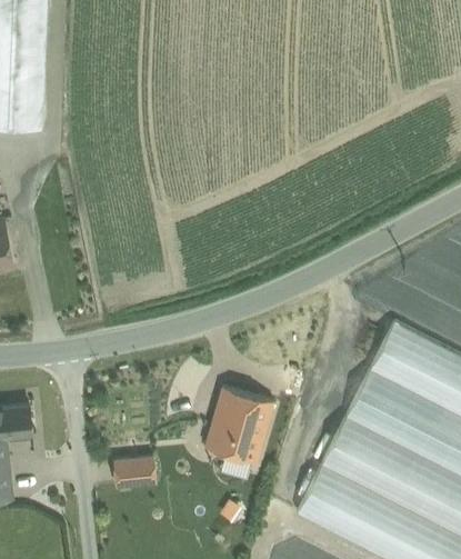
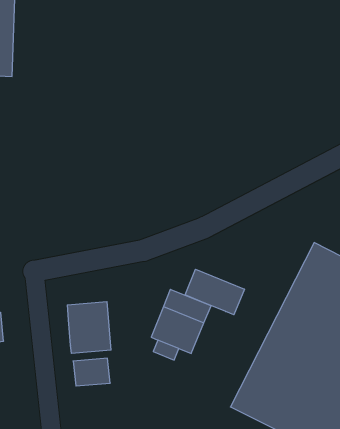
building: none -> [185,269,244,315]
building: none -> [67,302,111,353]

